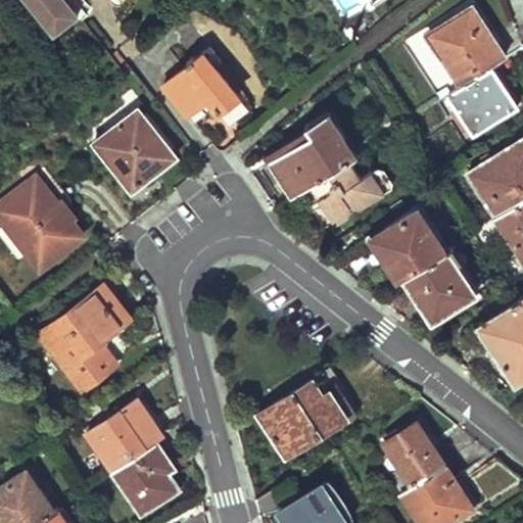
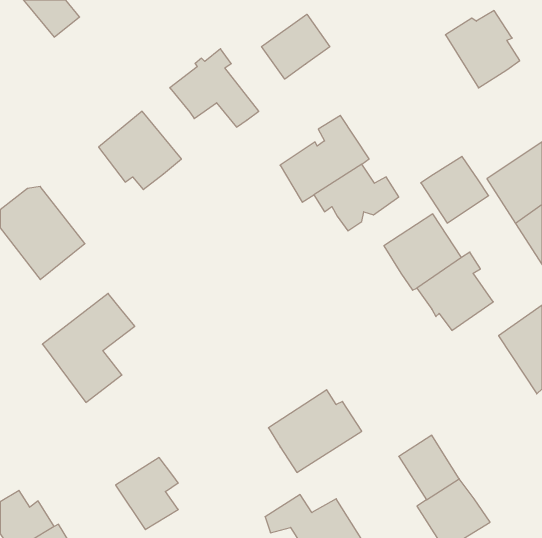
building: none -> [262,14,330,79]
building: [448,70,514,135] -> [421,156,489,223]
building: [87,400,161,471] -> none

